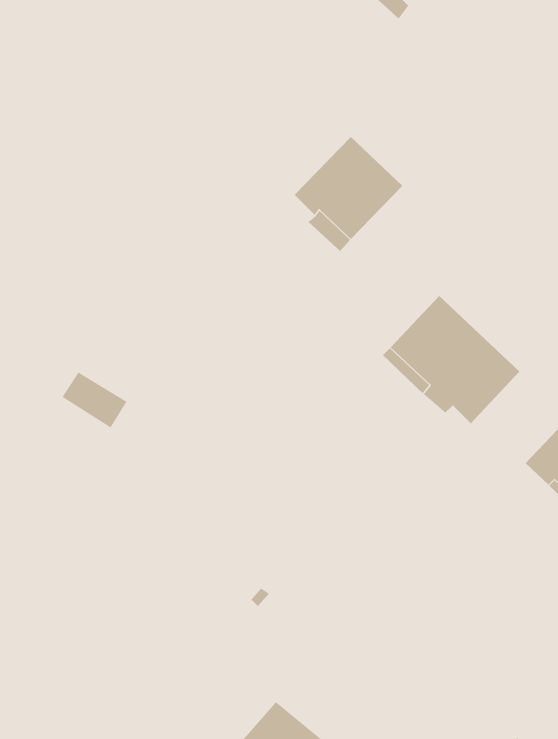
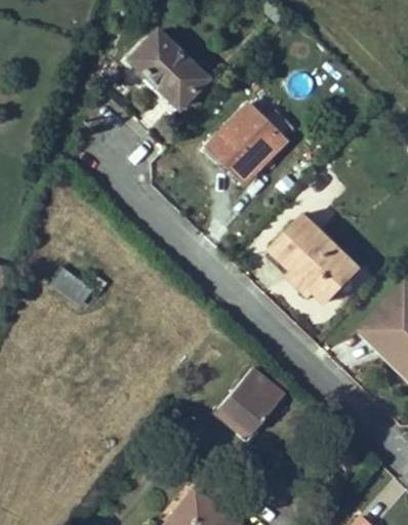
building: none -> [131,31,205,110]
building: none -> [216,367,283,436]

